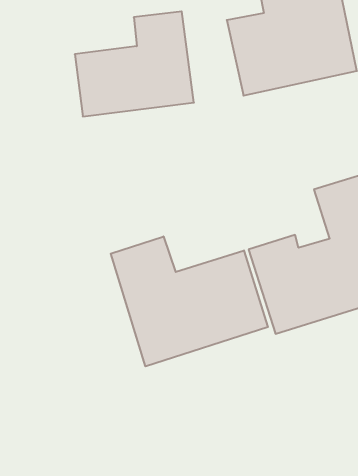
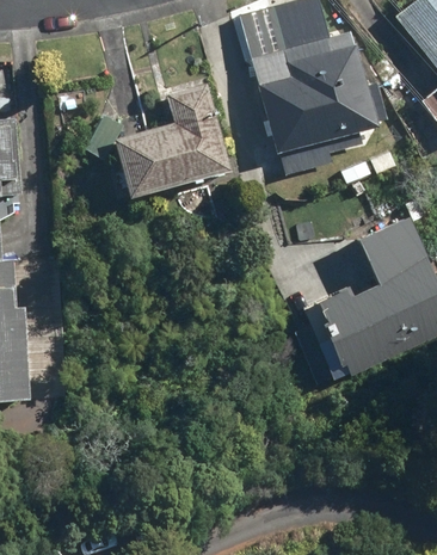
building: [111,236,268,366] -> none

